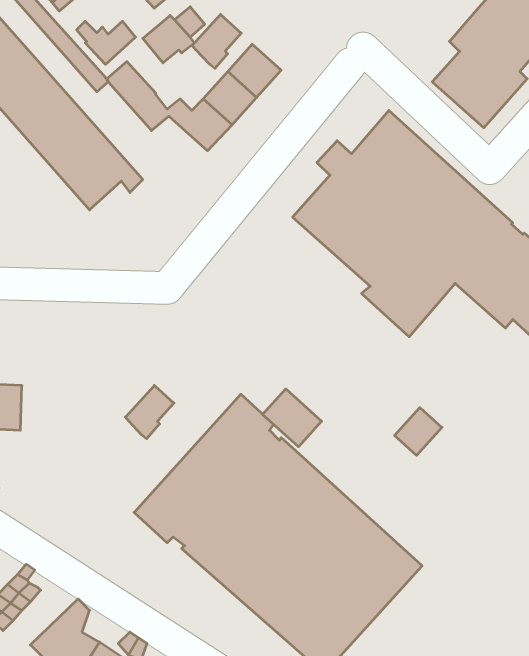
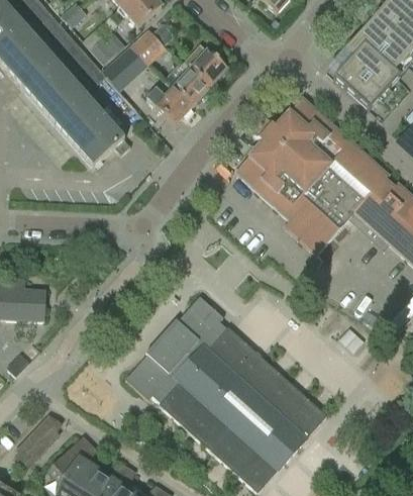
building: [192,14,241,68] -> none
building: [125,385,174,439] -> none
building: [263,389,322,447] -> none
building: [395,408,442,455] -> none

